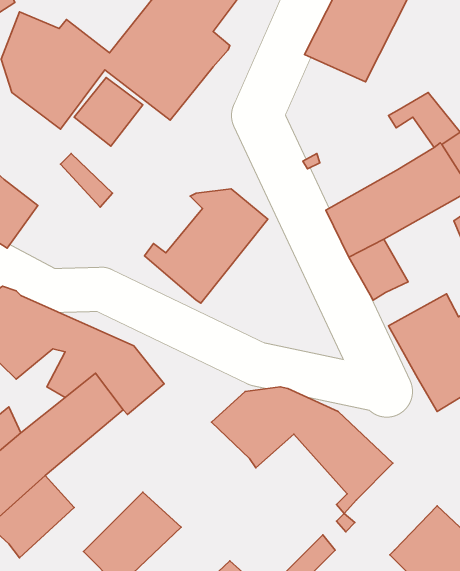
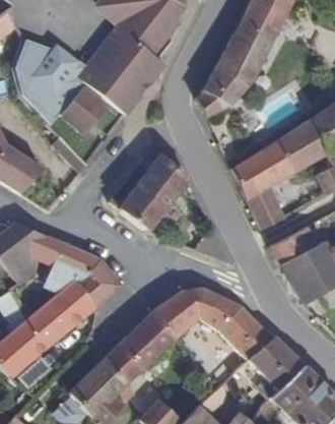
building: none -> [199,66,257,118]
building: none -> [109,311,184,383]
building: none -> [251,339,305,397]

